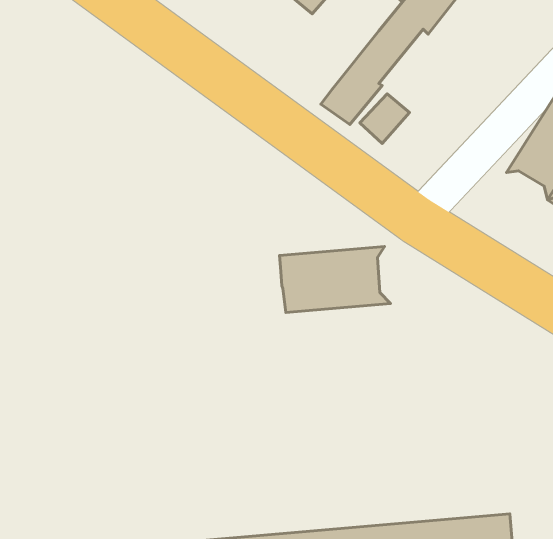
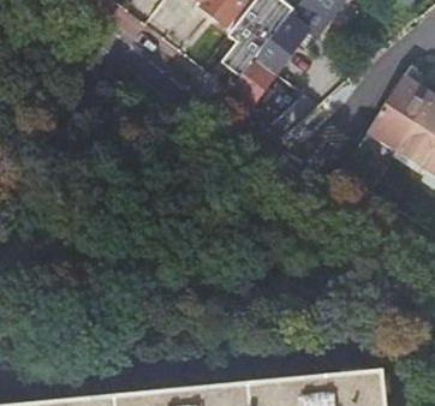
building: none -> [226,17,279,73]
building: [280,246,391,313] -> none

